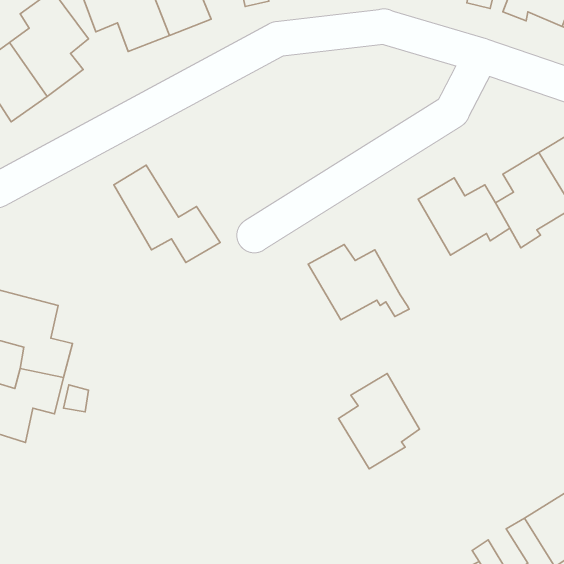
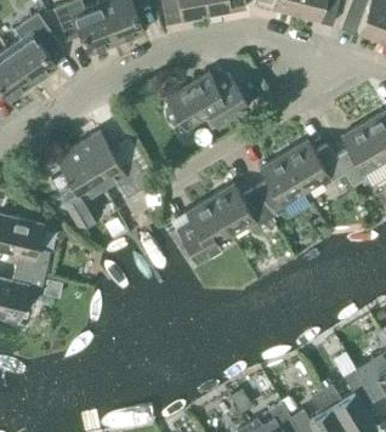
building: none -> [165,72,248,127]
building: none -> [55,143,103,224]
building: none -> [254,153,305,217]
building: [338,373,419,469] -> [176,197,231,261]

